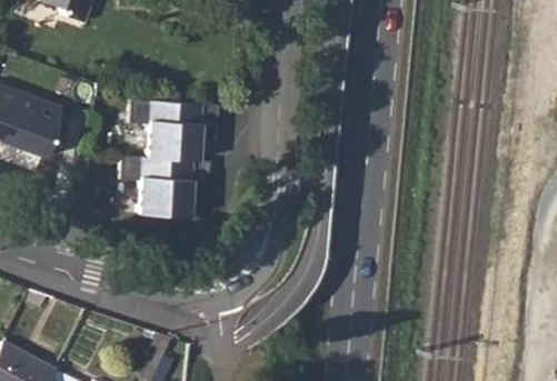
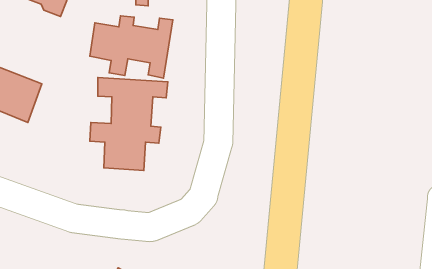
building: none -> [90,16,173,78]

